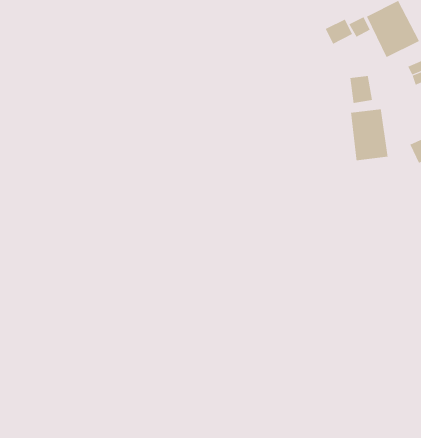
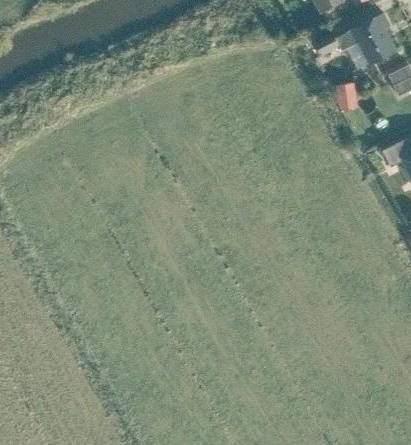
building: [350,109,388,161] -> none

